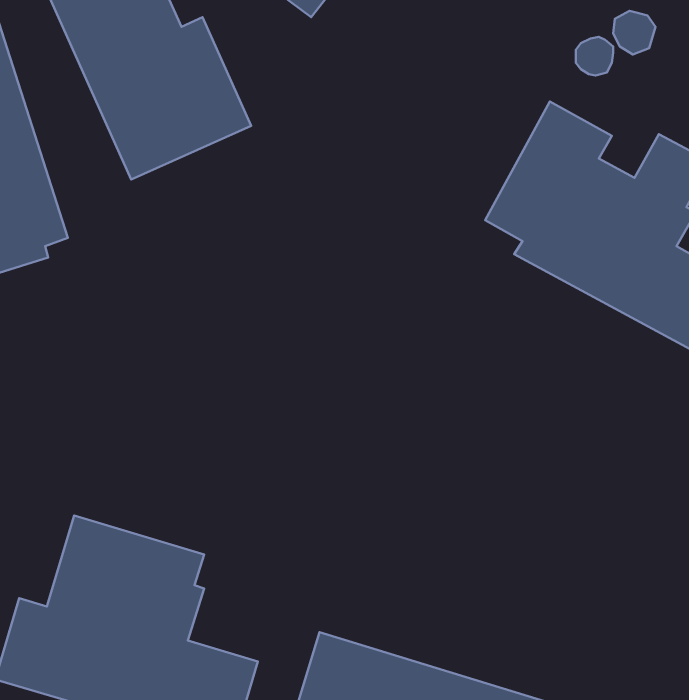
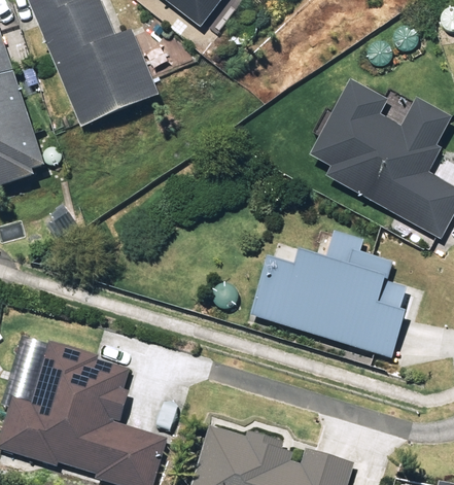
building: none -> [250,231,408,357]

